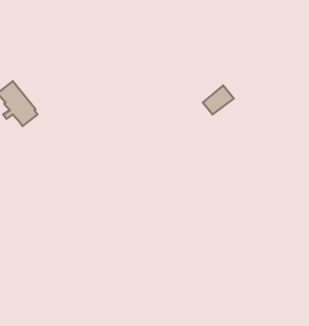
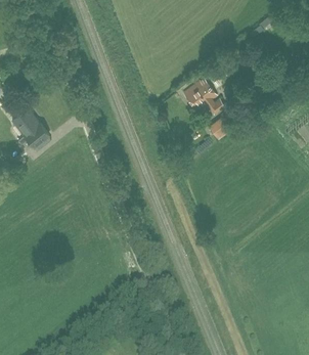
building: none -> [182,76,223,113]

